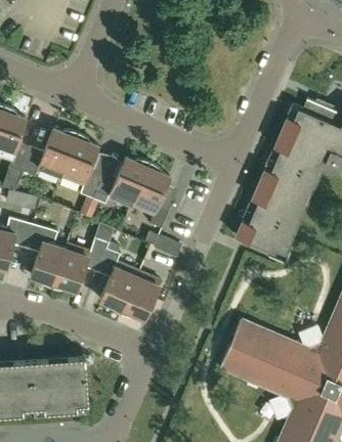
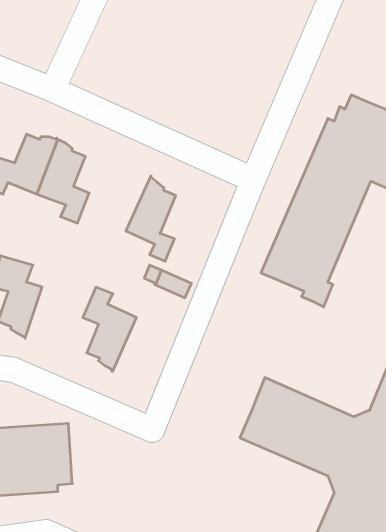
building: [92,158,149,205] -> none
building: [51,237,109,292] -> none
building: [120,272,161,319] -> none

